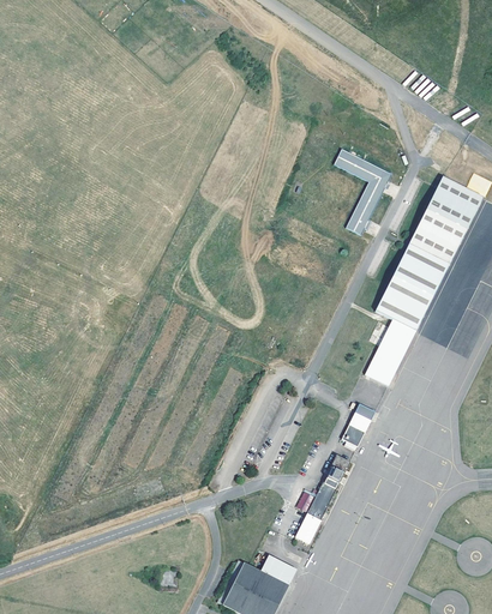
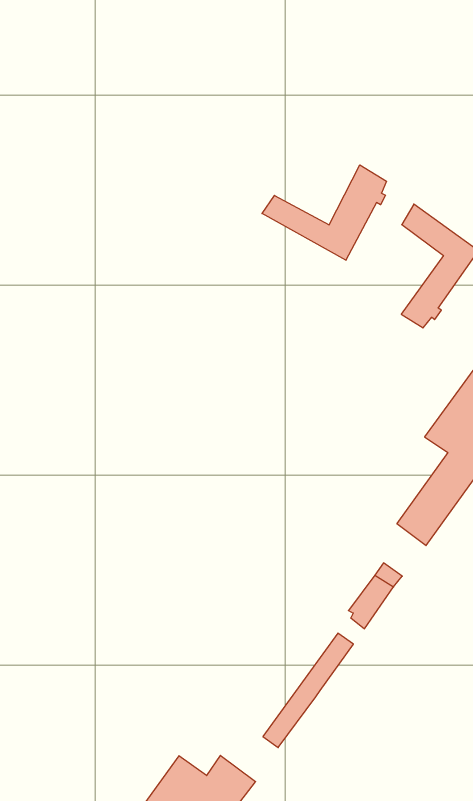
building: none -> [262,165,386,260]

